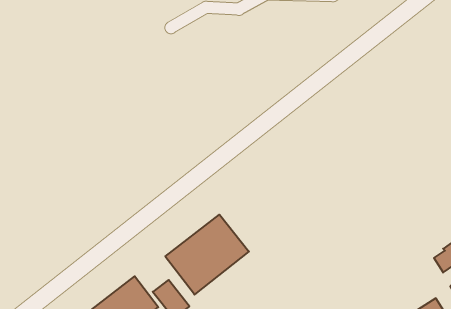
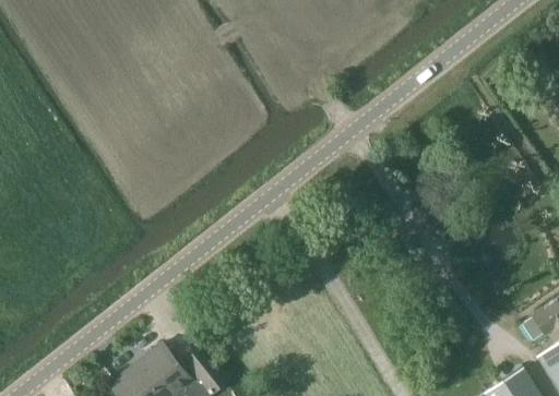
building: [165,215,249,295] -> none

